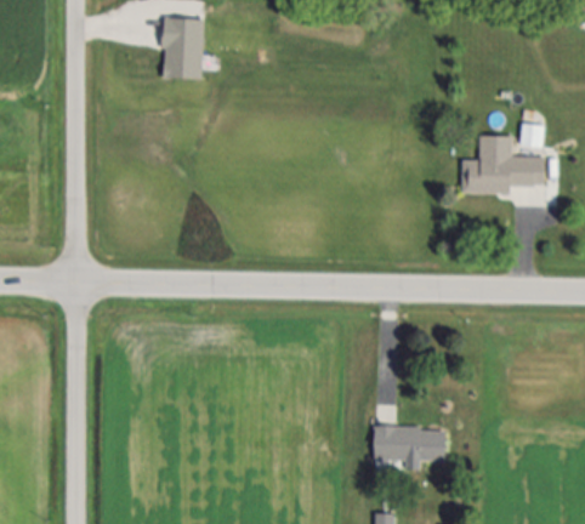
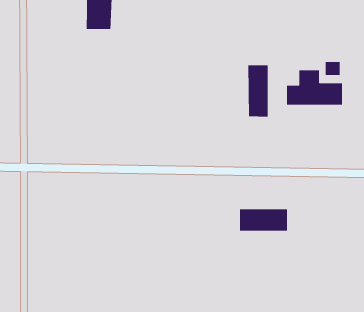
building: none -> [248,65,269,118]
building: [374,427,445,461] -> [239,208,288,231]

